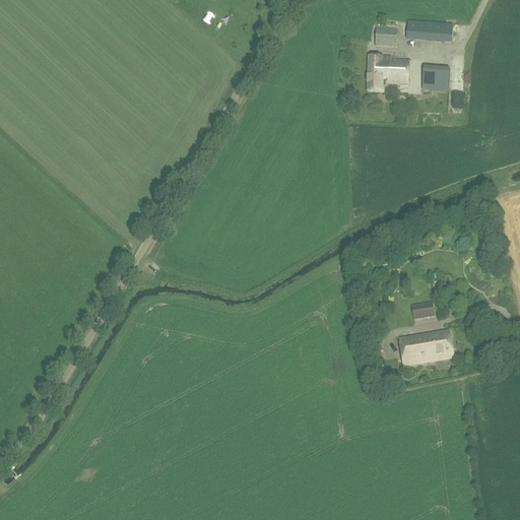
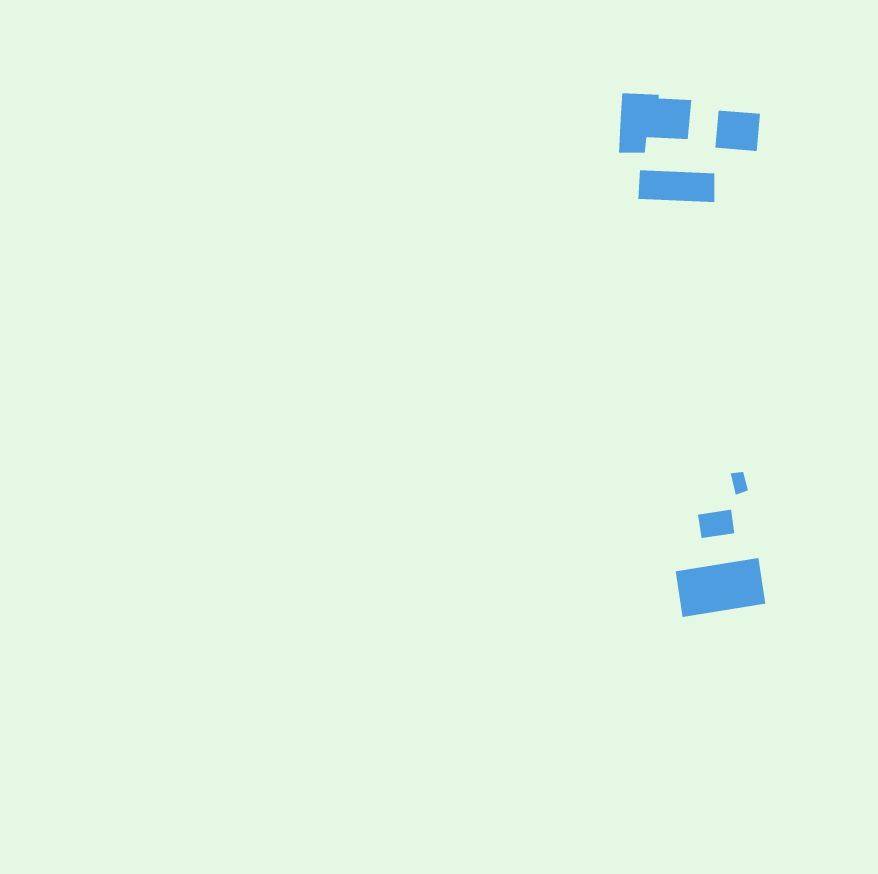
building: [405,20,451,40] -> [638,170,715,203]
building: [374,27,396,46] -> none

